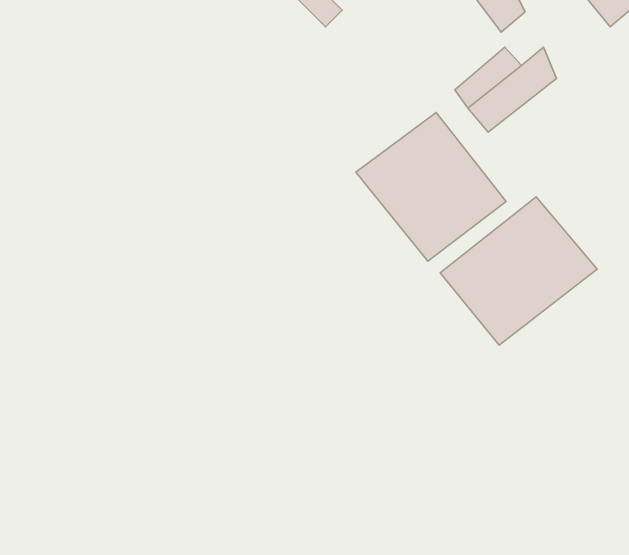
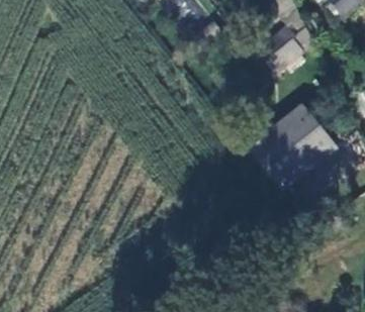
building: [356,113,506,261] -> none

